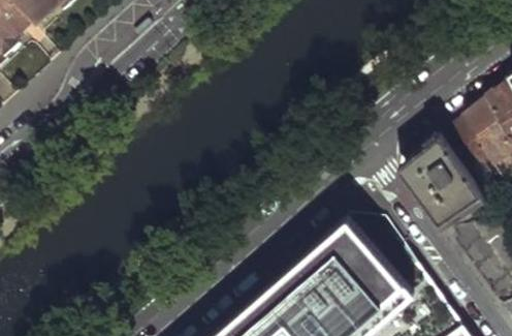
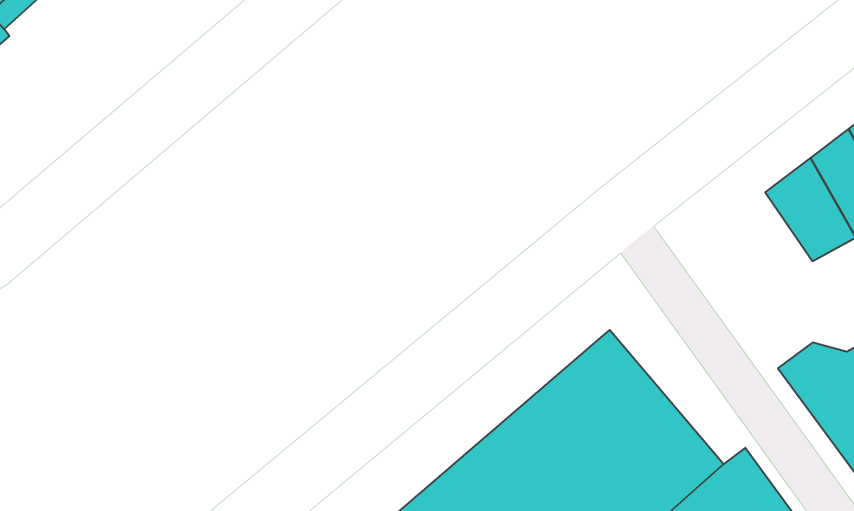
building: [405,139,479,226] -> none

